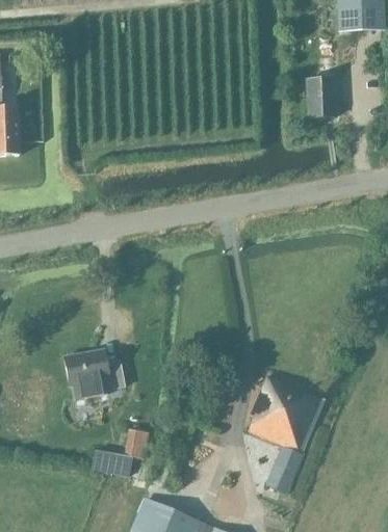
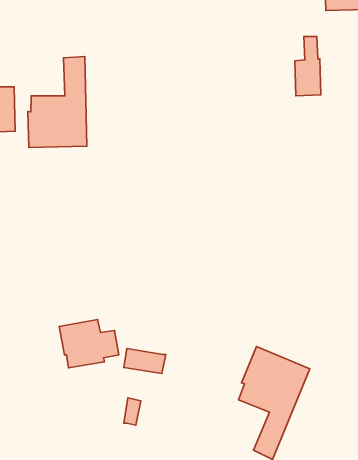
building: none -> [28,56,87,148]
building: [89,450,133,476] -> [124,348,166,374]

